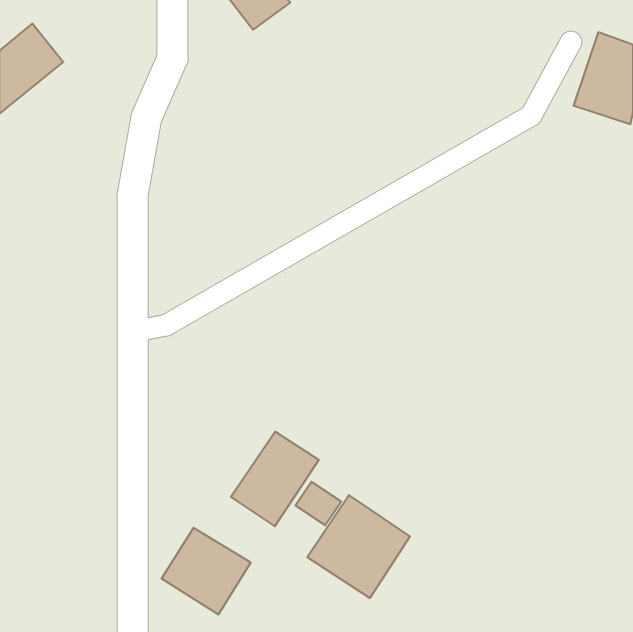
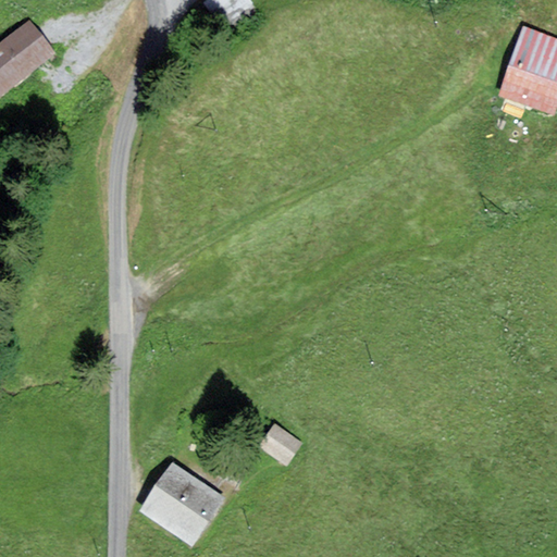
building: [231,432,319,526] -> none
building: [307,495,410,598] -> none

